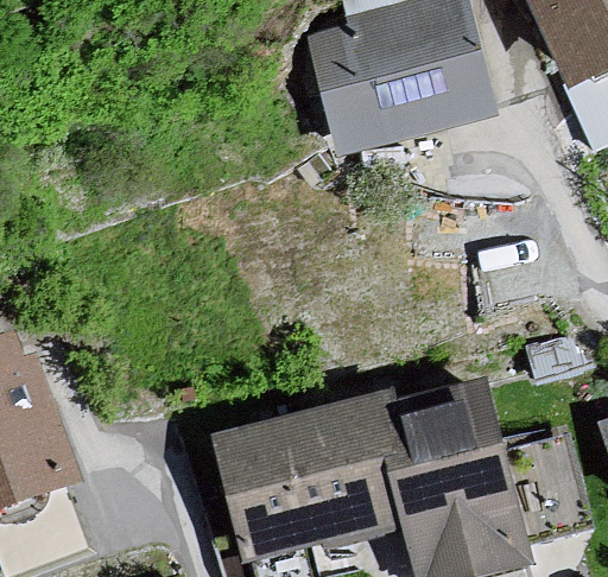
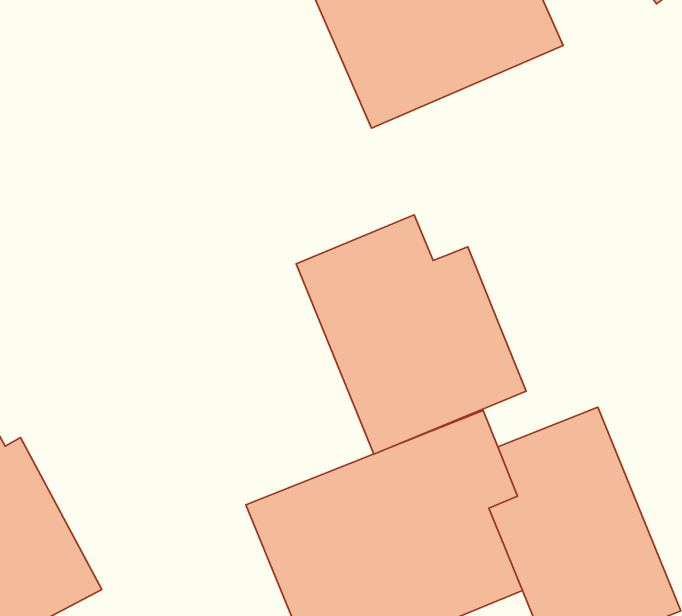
building: none -> [296,215,526,454]

